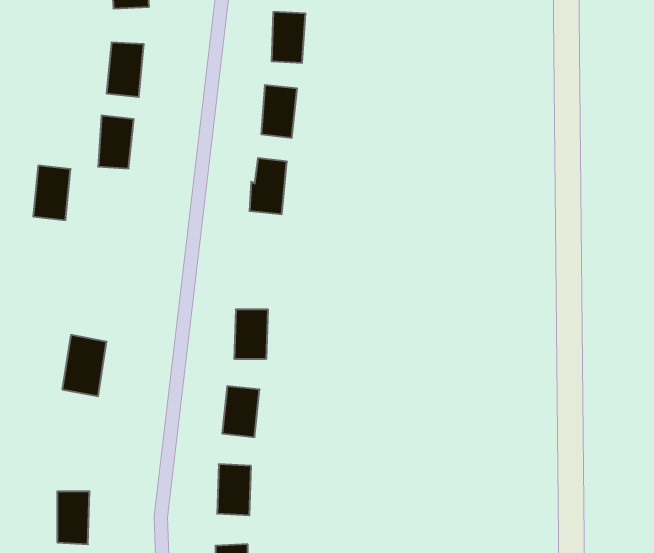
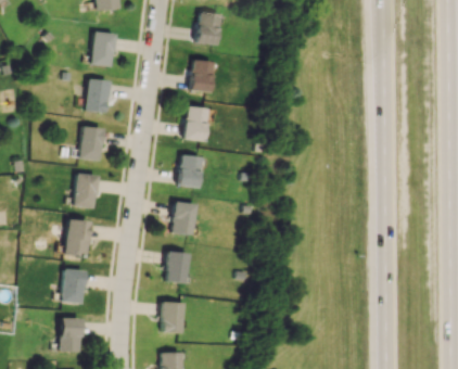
building: [33,166,71,220] -> [80,126,104,161]
building: none -> [178,154,202,188]
building: none -> [74,171,100,208]
building: none -> [63,269,85,303]

